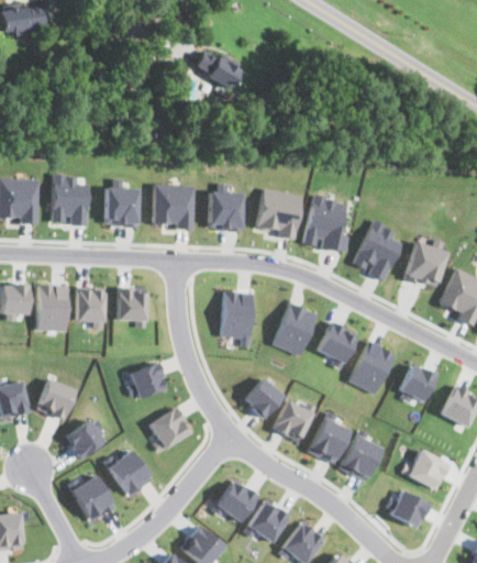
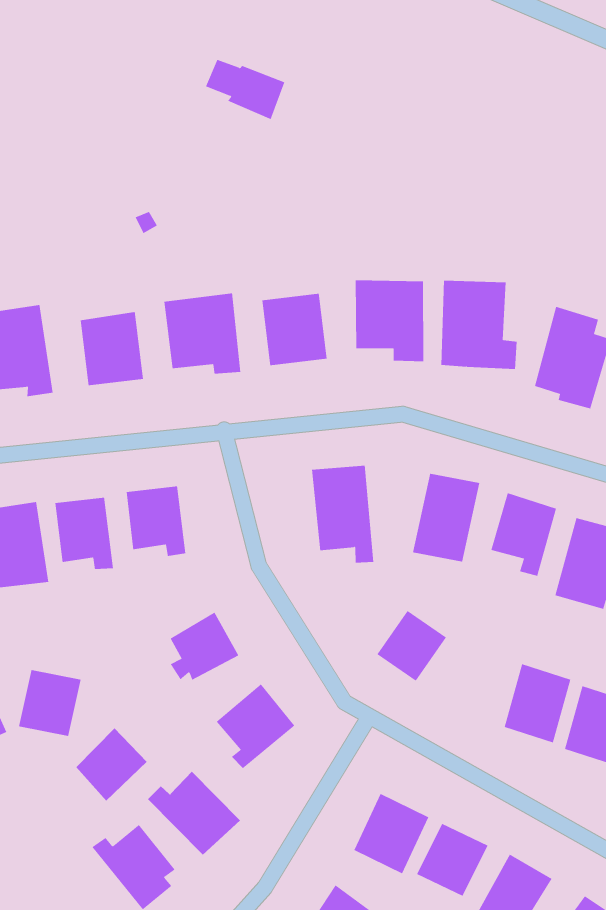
building: [274,400,313,442] -> none

